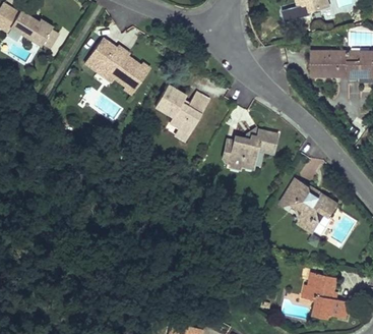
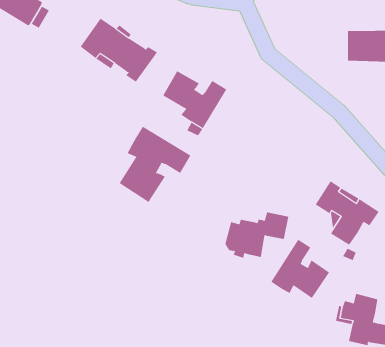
building: [222,130,276,170] -> [225,212,289,259]
building: none -> [119,126,191,203]
building: none -> [270,239,330,299]

